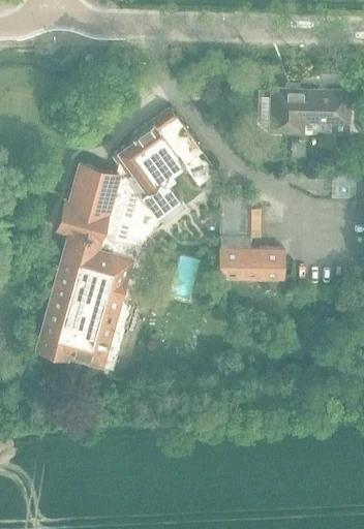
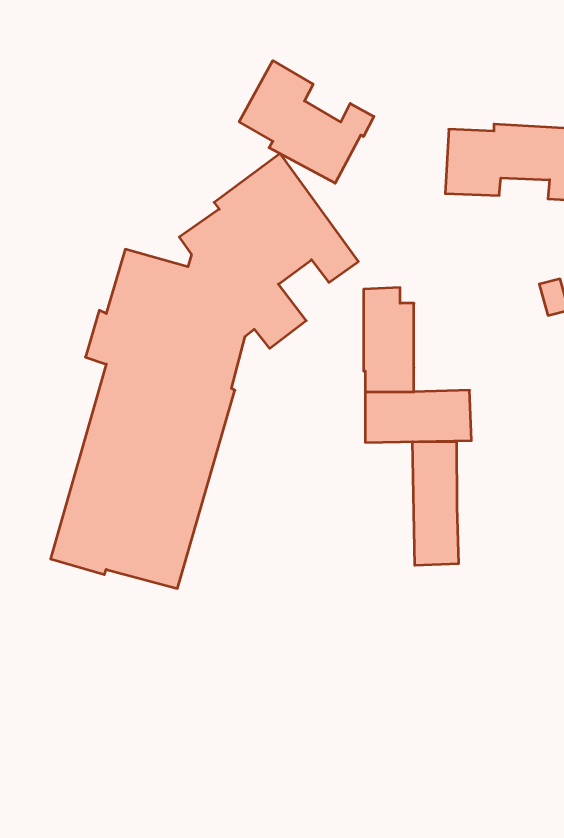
building: none -> [239,61,374,183]
building: none -> [413,442,458,565]

